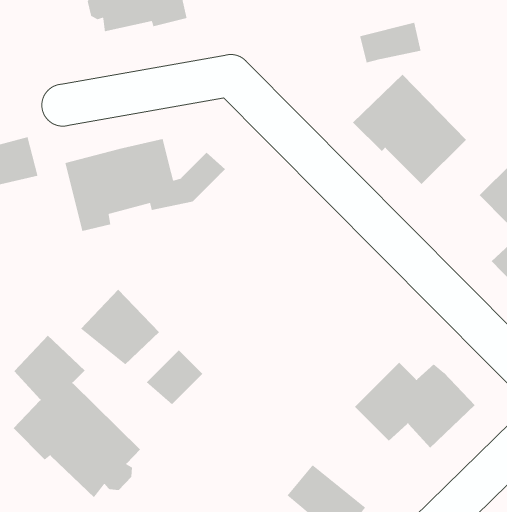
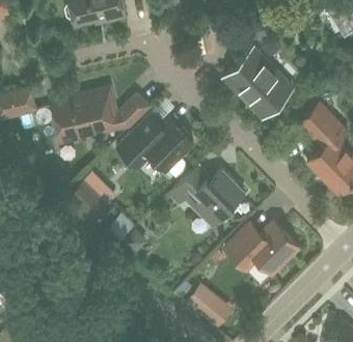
building: none -> [117,116,194,177]
building: none -> [174,164,245,224]
building: [13,335,141,498] -> none

